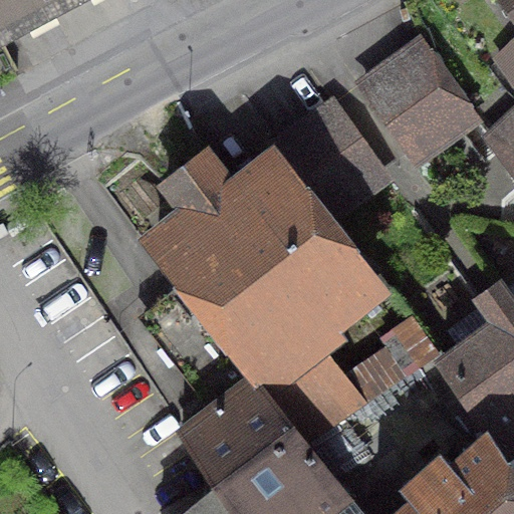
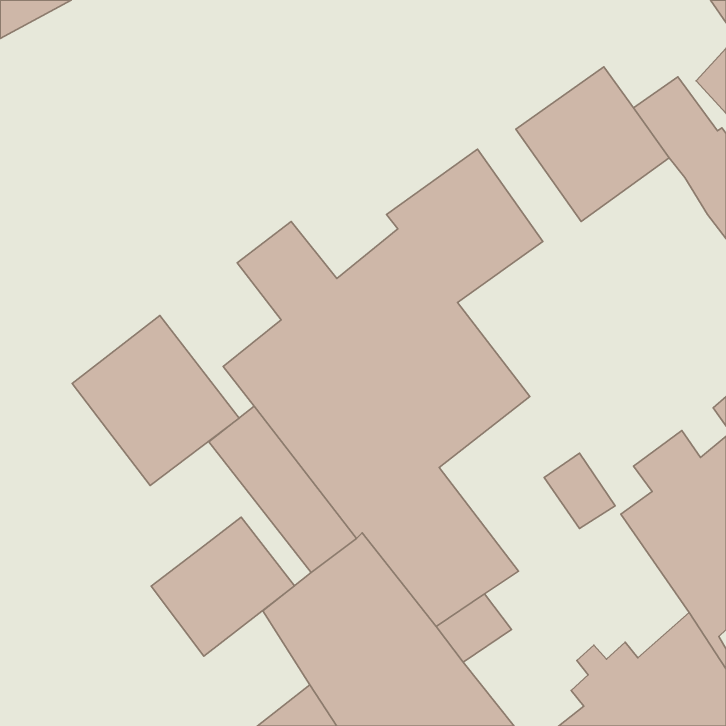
building: none -> [72,316,239,485]
building: none -> [151,517,294,656]

